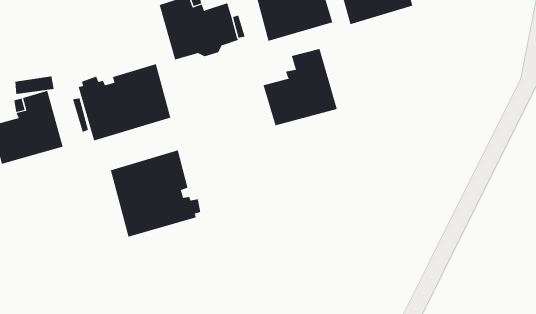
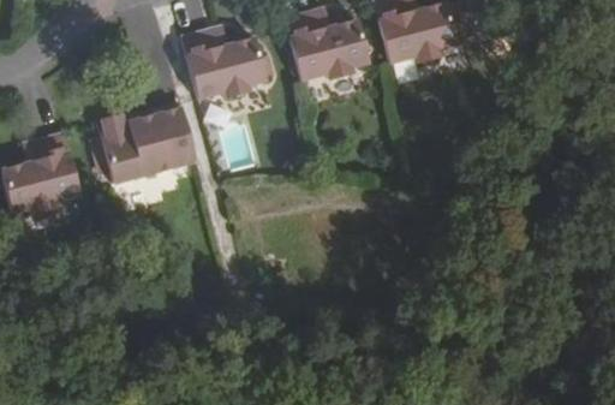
building: [263,48,338,126] -> none
building: [110,149,201,237] -> none

